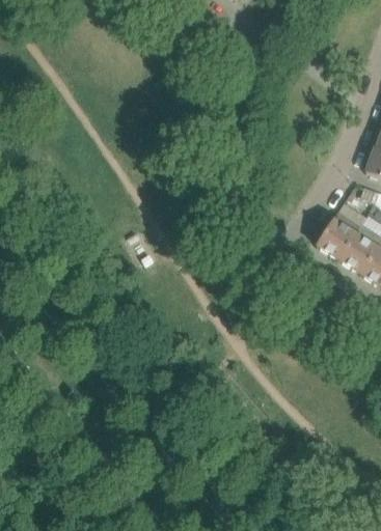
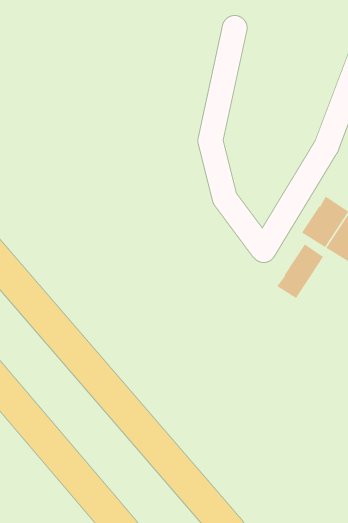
building: none -> [277,243,324,302]

